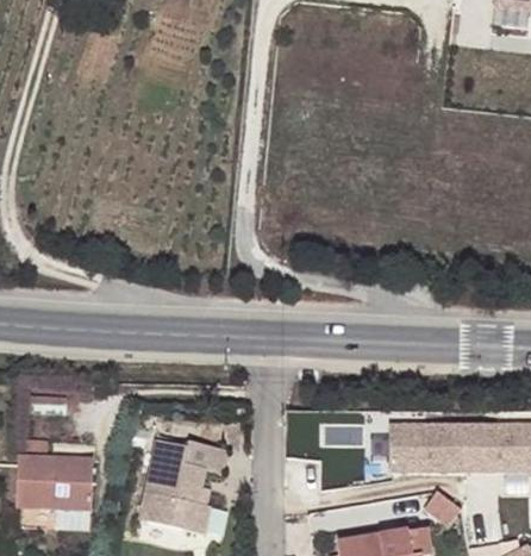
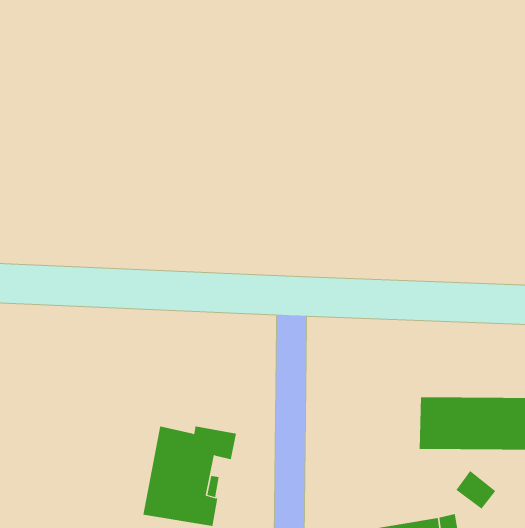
building: [17,462,93,516] -> none

